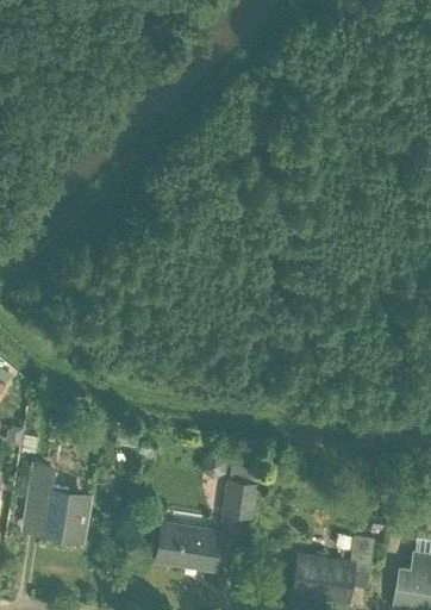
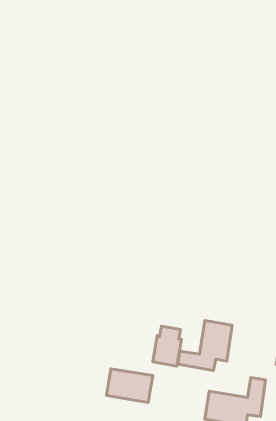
building: none -> [178,321,232,371]
building: [30,467,86,537] -> none

